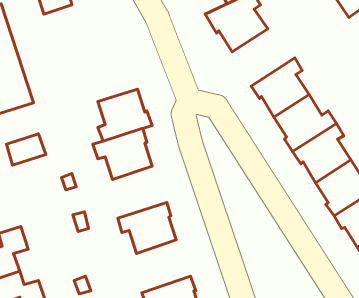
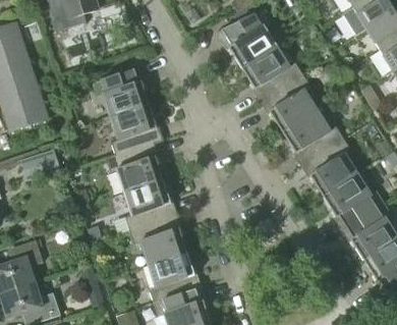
building: none -> [242,46,303,102]
building: none -> [92,67,150,117]
building: none -> [125,180,178,231]
building: none -> [149,253,202,305]

